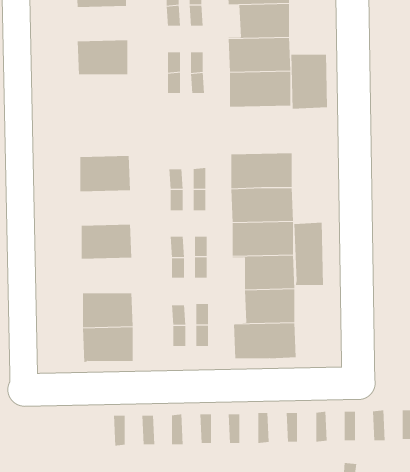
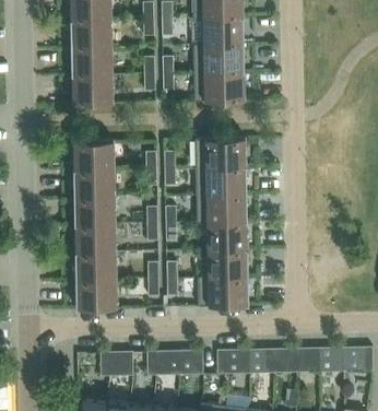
building: none -> [70,21,111,49]
building: [291,54,328,109] -> none
building: none -> [71,77,113,105]
building: none -> [72,171,114,199]
building: [294,222,323,286] -> none
building: none -> [73,225,115,254]

